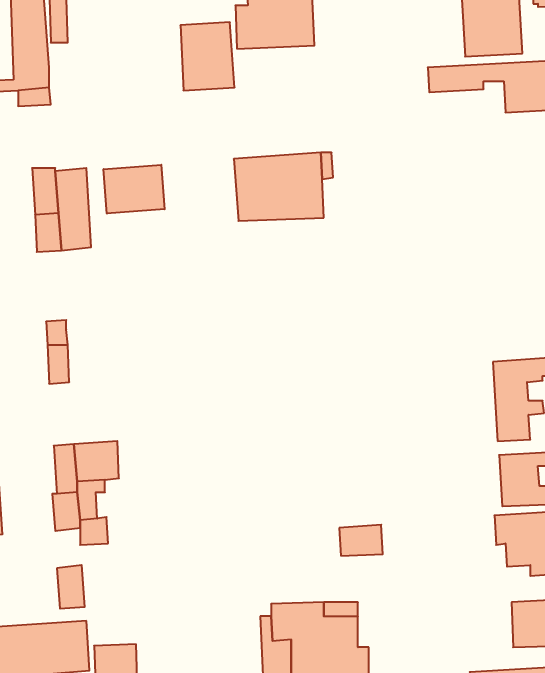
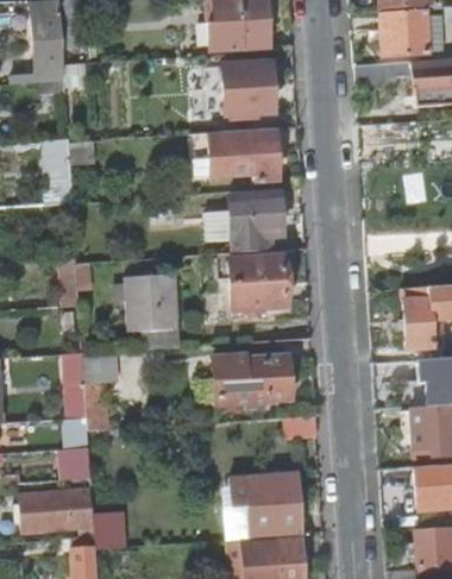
building: [180,22,235,90] -> [230,63,271,115]
building: [104,165,165,214] -> none
building: none -> [227,195,280,254]
building: none -> [226,257,284,316]
building: none -> [123,276,178,348]
building: none -> [214,351,291,398]

